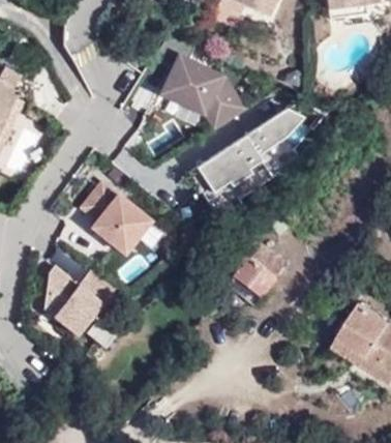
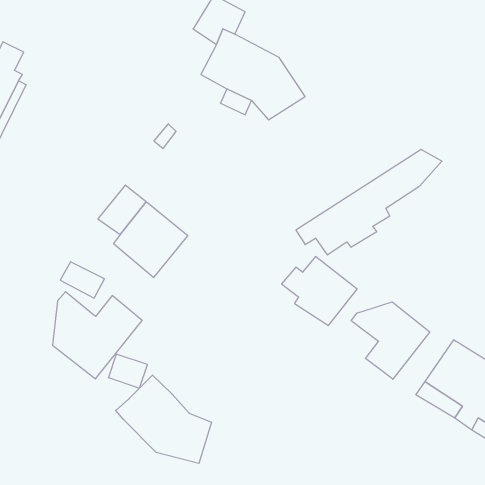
building: [188,109,304,193] -> [296,150,442,255]
building: none -> [351,302,430,379]
building: none -> [116,375,211,463]

